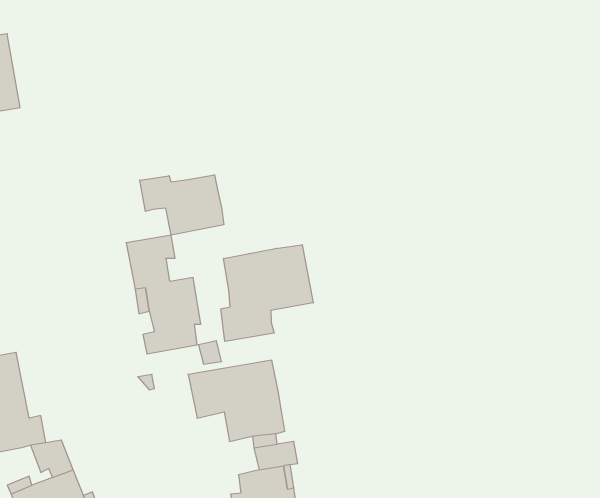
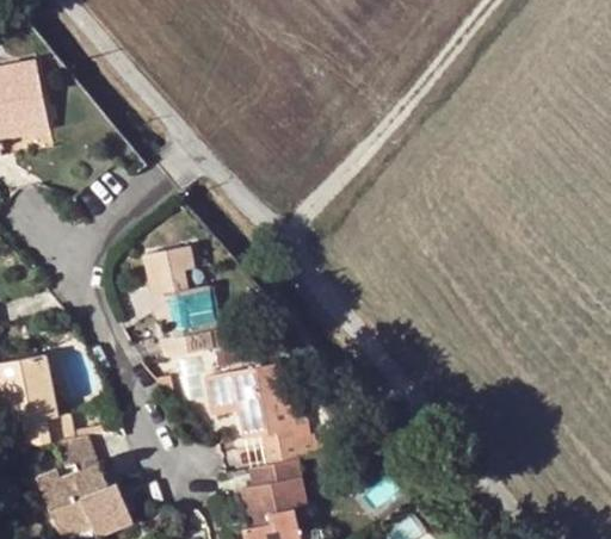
building: [140,175,224,235] -> none
building: [221,245,313,341] -> none

